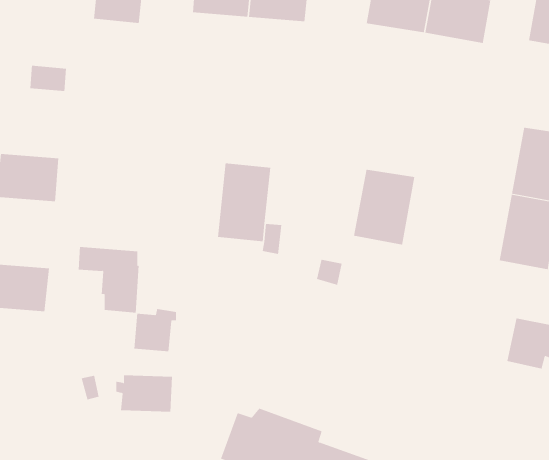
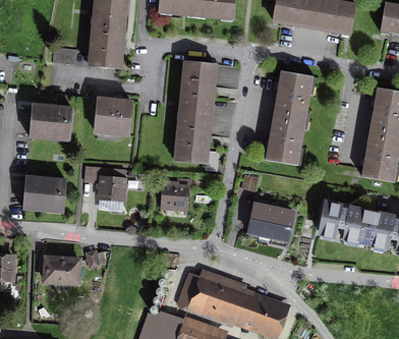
building: none -> [90,16,125,68]
building: none -> [181,61,217,114]
building: none -> [274,70,314,120]
building: none -> [92,98,131,133]
building: none -> [321,203,373,241]
building: none -> [249,205,293,246]
building: [133,309,177,352] -> [163,178,191,207]
building: [116,375,173,412] -> [42,258,79,282]

